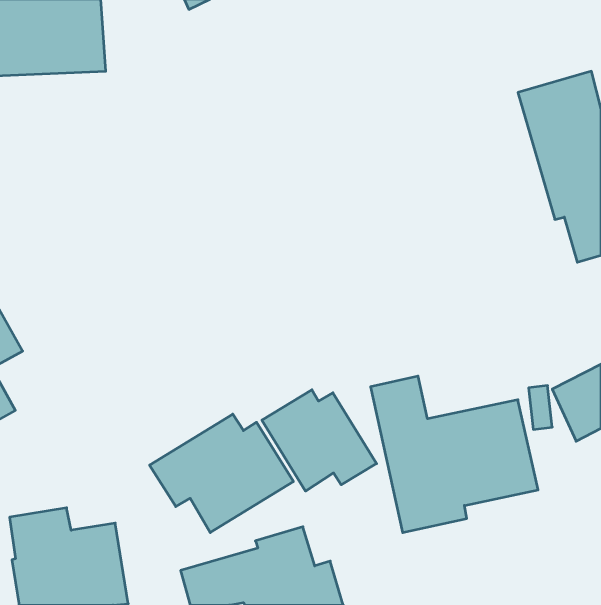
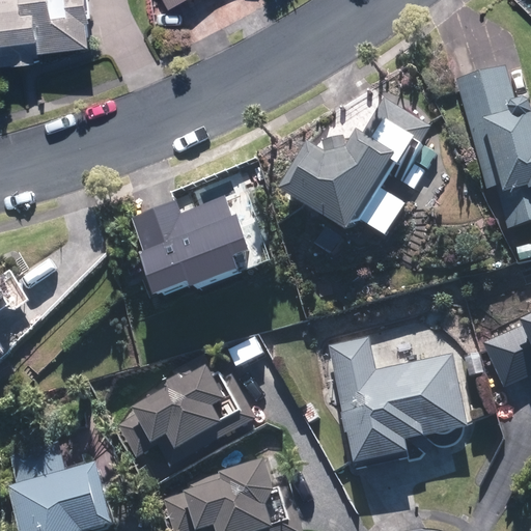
building: none -> [275,95,437,233]
building: none -> [133,199,271,295]
building: [262,390,377,491] -> none

